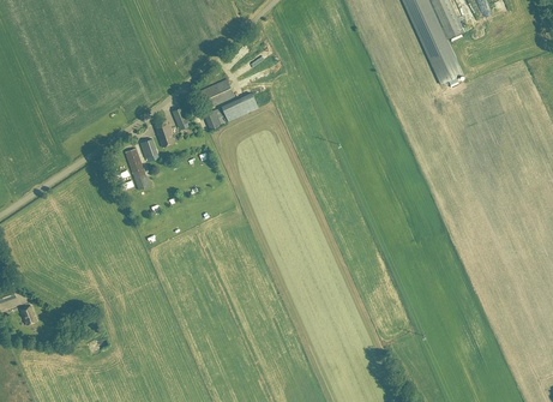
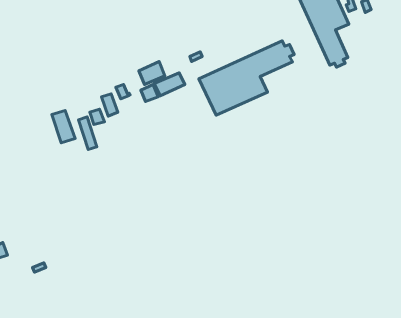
building: none -> [199,41,294,115]
building: none -> [52,111,75,143]

